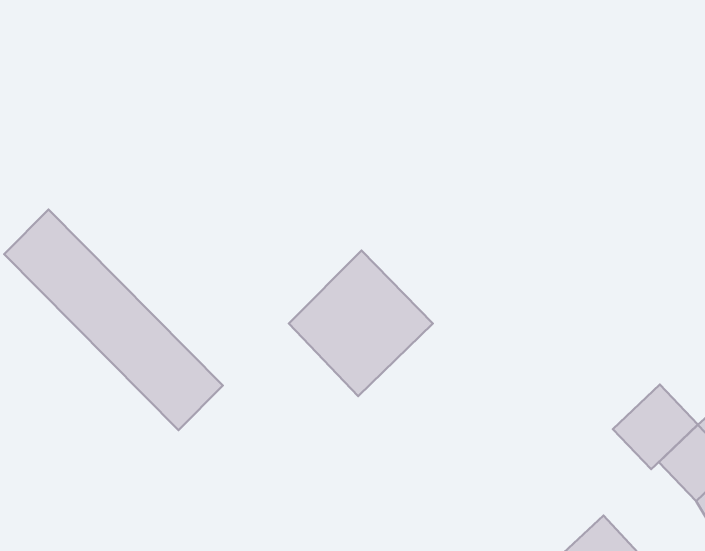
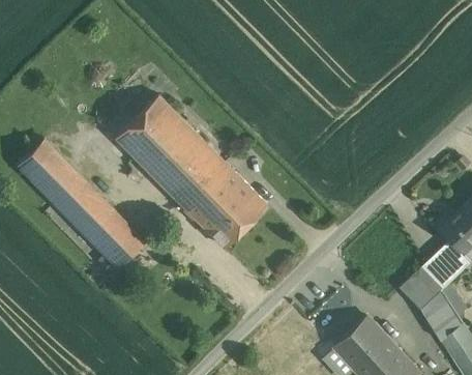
building: none -> [116,96,227,206]
building: [613,385,698,469] -> none

